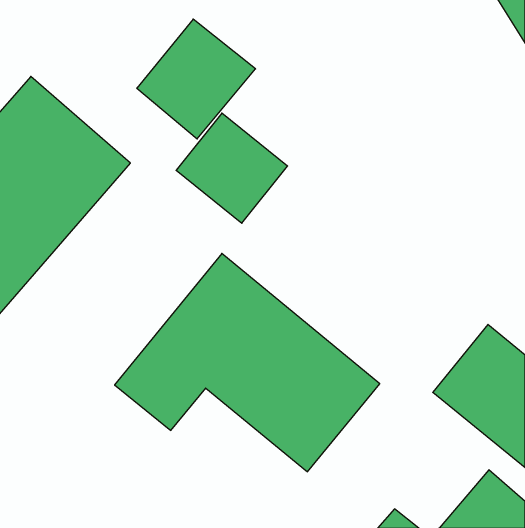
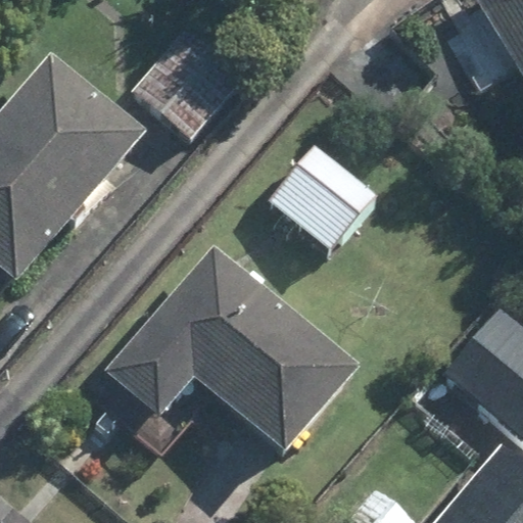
building: [176,113,288,223] -> [270,142,377,248]

